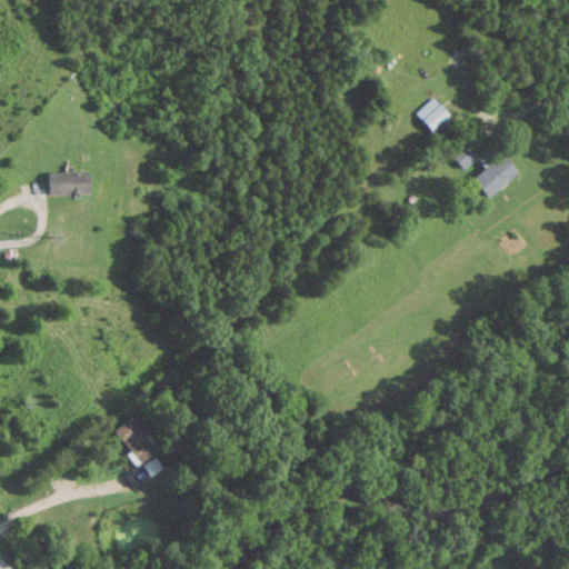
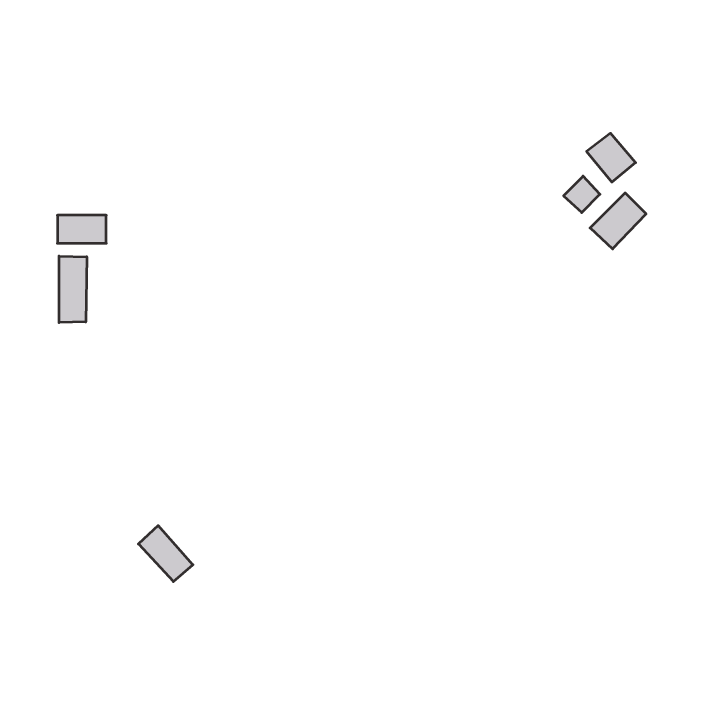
building: [417,99,456,138] -> [587,133,636,182]
building: none -> [59,256,87,323]

